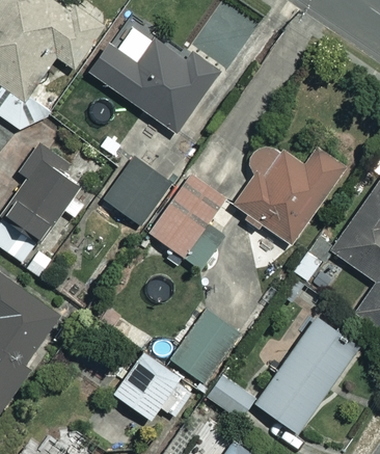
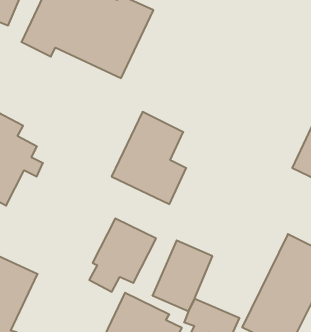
building: [235,135,345,244] -> none
building: [98,156,171,229] -> [89,218,156,292]

